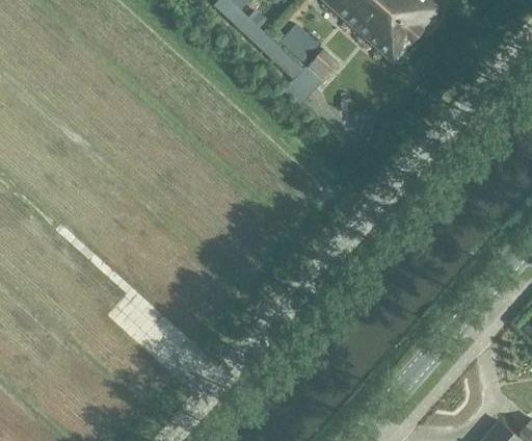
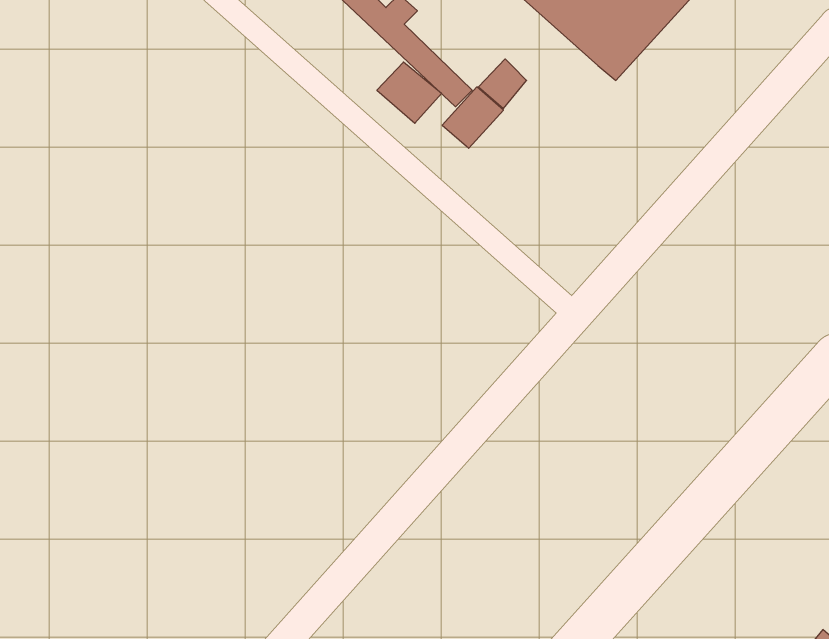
building: [278,24,319,62] -> [377,62,441,123]

